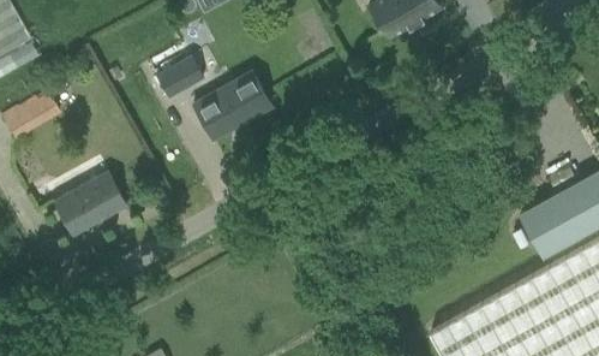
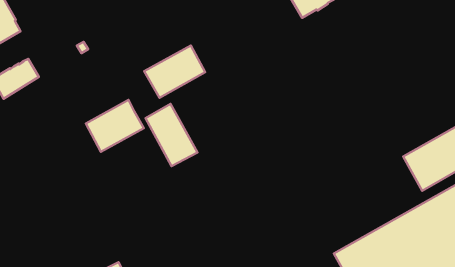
building: [155,54,203,97] -> none
building: none -> [145,104,198,166]
building: [53,170,126,236] -> [86,100,144,152]

